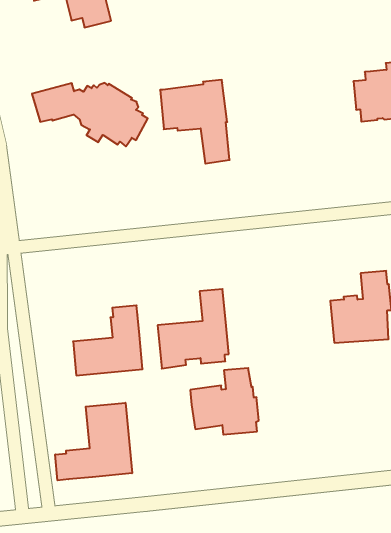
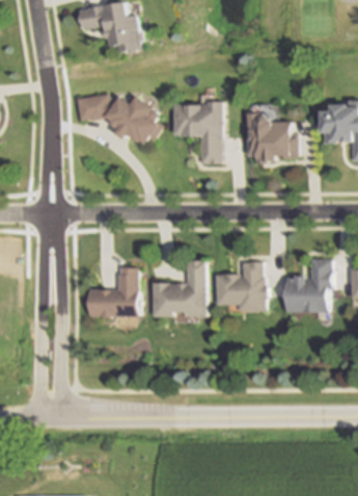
building: none -> [245,113,296,164]
building: [190,368,259,435] -> [216,262,266,311]
building: [55,403,132,480] -> none

